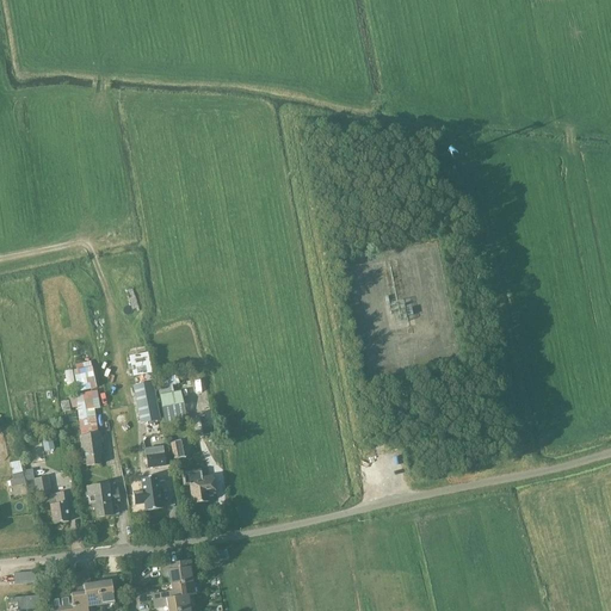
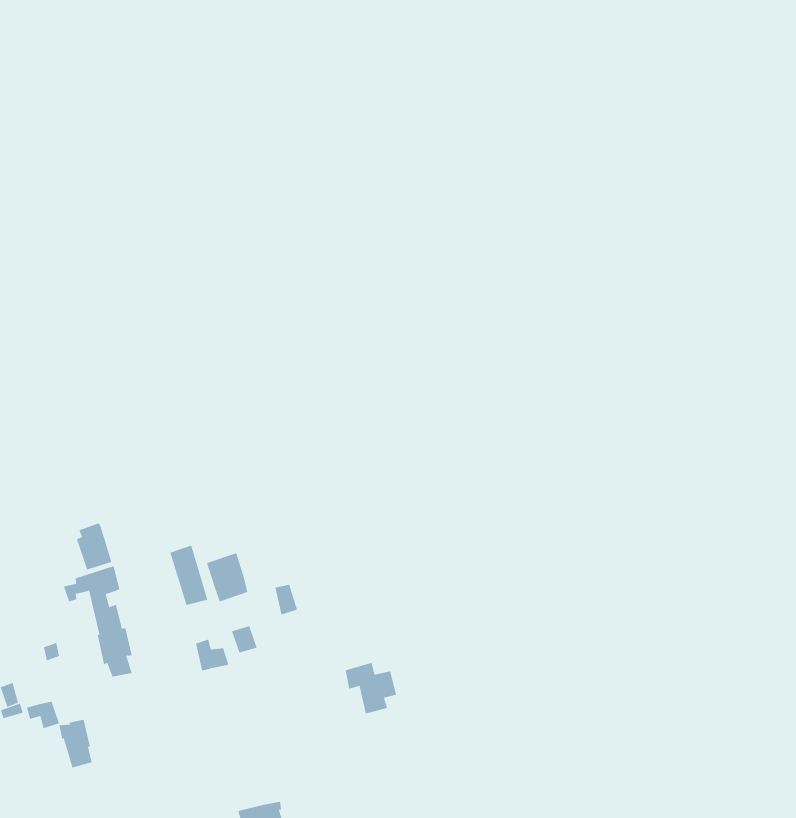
building: [184,468,217,502] -> [345,662,397,714]
building: [135,475,162,508] -> none
building: [87,482,121,517] -> none

